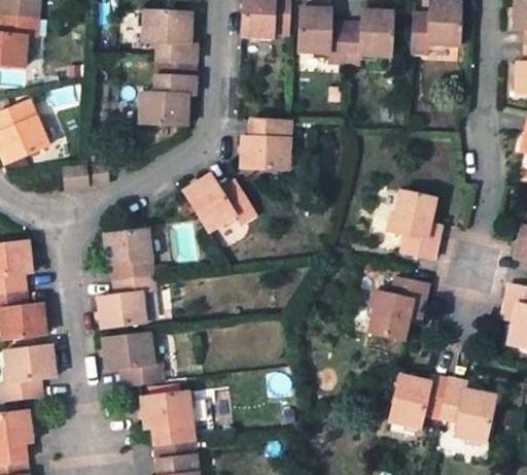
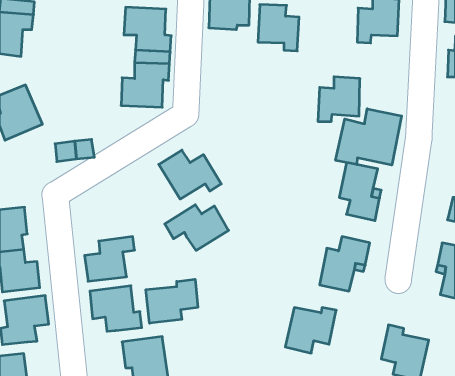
building: [343,9,391,61] -> [318,77,360,121]
building: [241,120,290,170] -> none
building: none -> [336,109,402,165]
building: [104,229,153,280] -> none
building: none -> [165,205,229,250]
building: none -> [146,279,198,323]
building: [389,374,448,427] -> [285,308,336,353]

